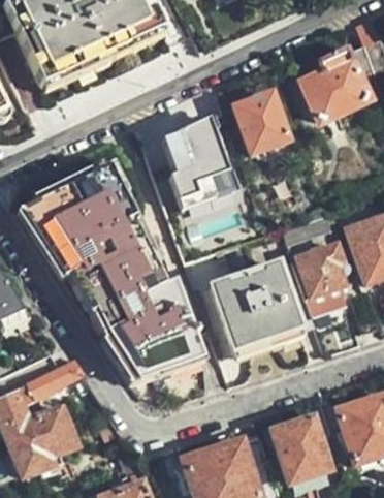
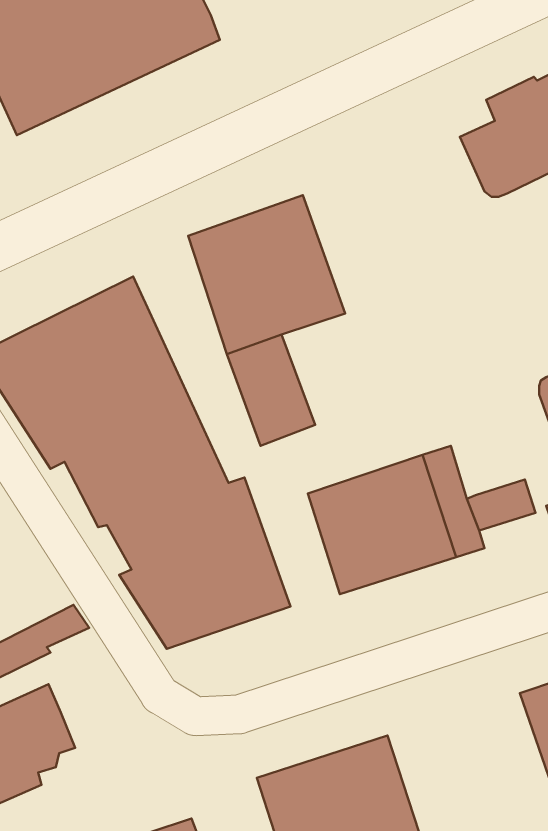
building: [234,91,288,152] -> none
building: [298,243,344,292] -> none
building: [273,397,328,479] -> none

